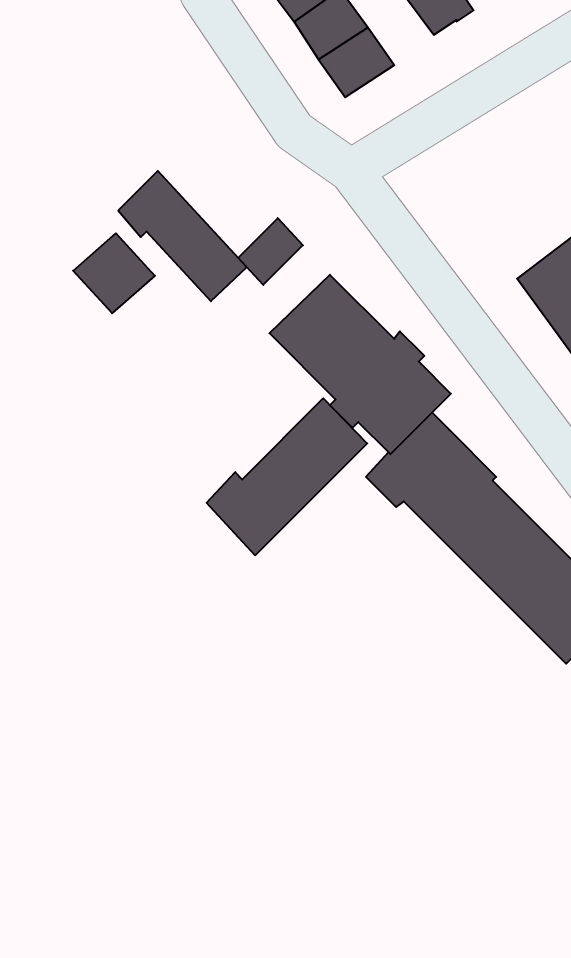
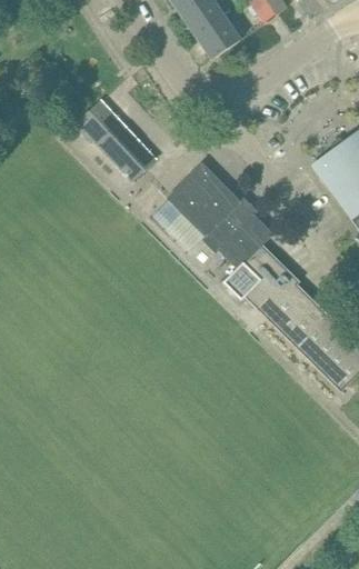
building: [238,218,303,285] -> none
building: [73,233,155,313] -> none
building: [207,398,367,555] -> none

